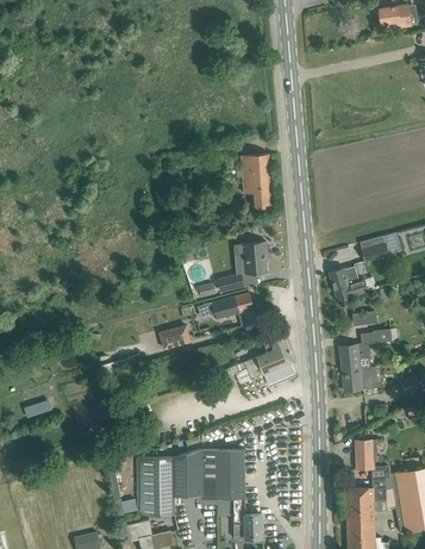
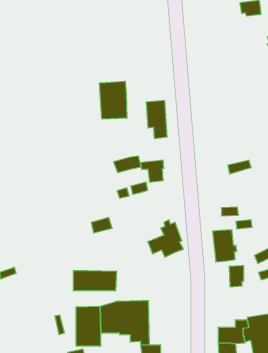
building: none -> [99,81,127,119]
building: [330,267,367,300] -> none
building: [212,294,252,318] -> [114,156,141,172]
building: none -> [73,270,116,291]
building: [354,439,375,470] -> [229,266,244,287]

